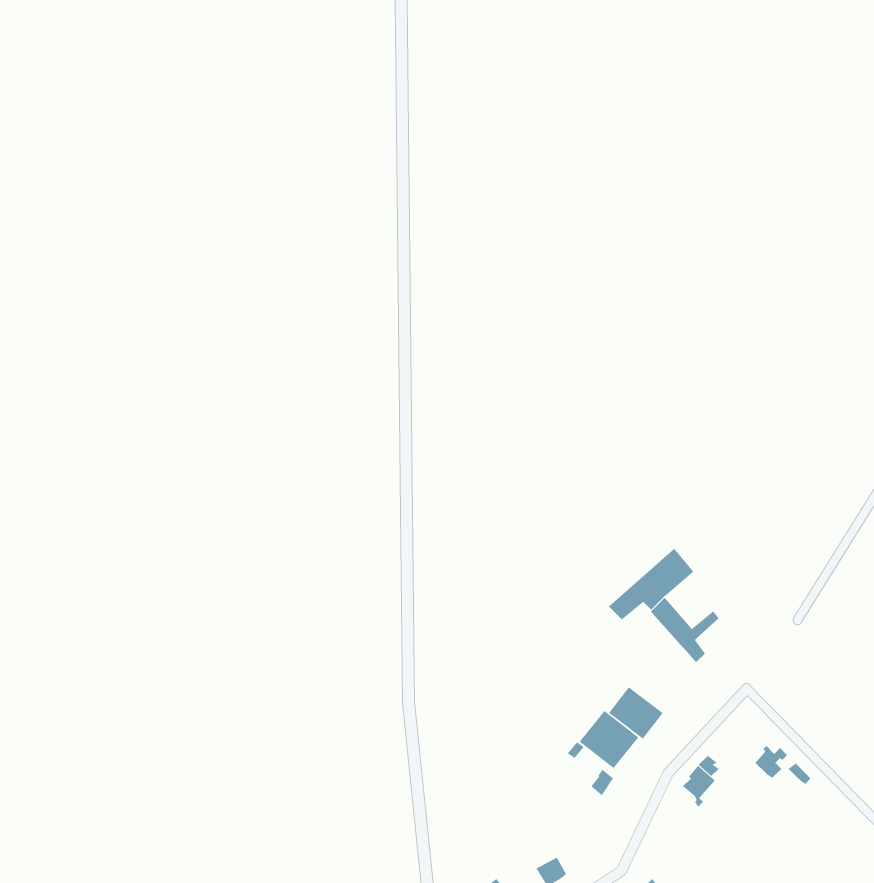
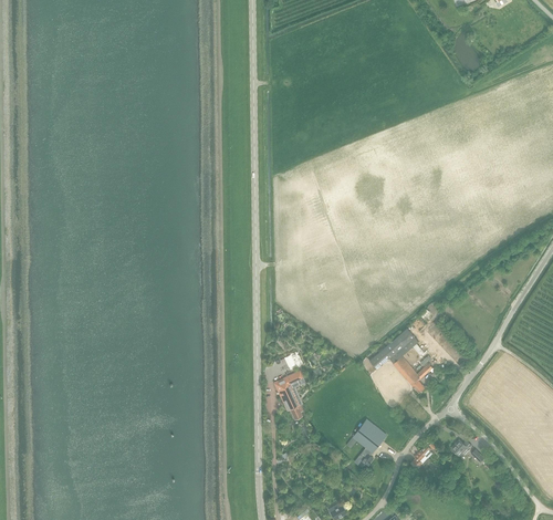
building: none -> [274,370,303,418]
building: [608,687,663,739] -> none

